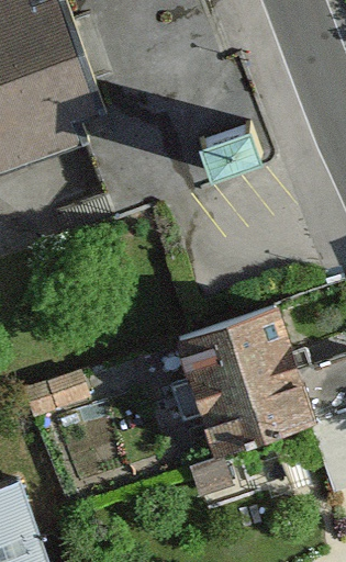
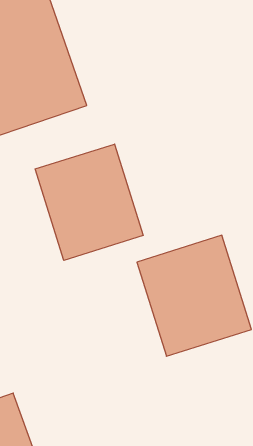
building: none -> [35,144,143,260]

